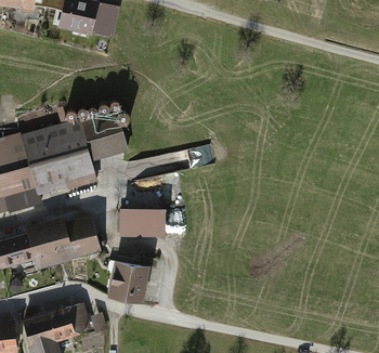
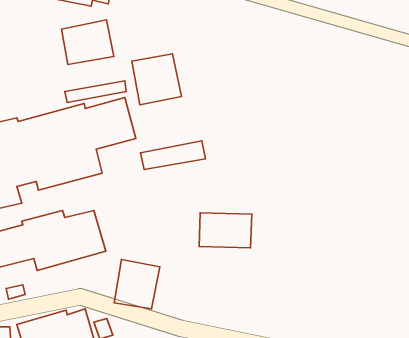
building: none -> [62,20,114,65]
building: none -> [132,54,182,105]
building: [117,206,165,237] -> [199,213,252,248]

